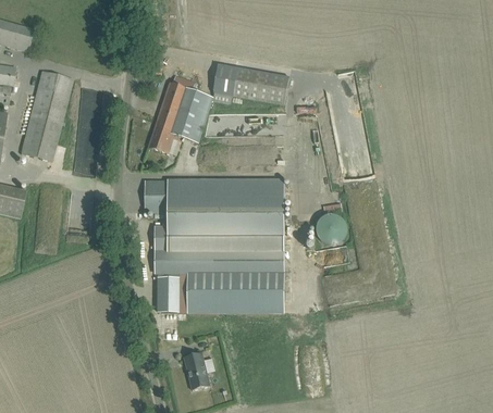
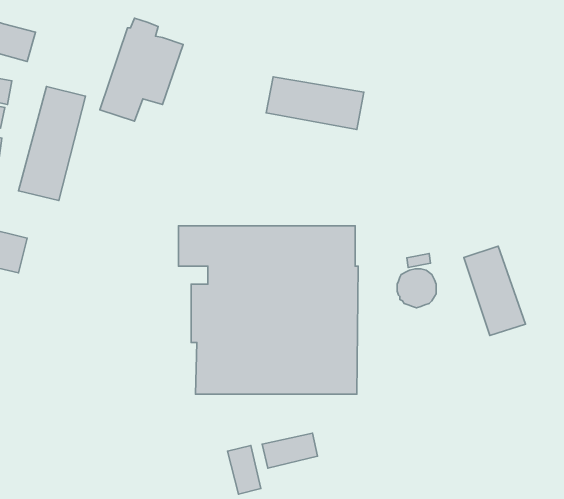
building: [147,74,212,154] -> [100,18,183,121]
building: none -> [464,246,525,336]
building: none -> [262,433,317,468]

